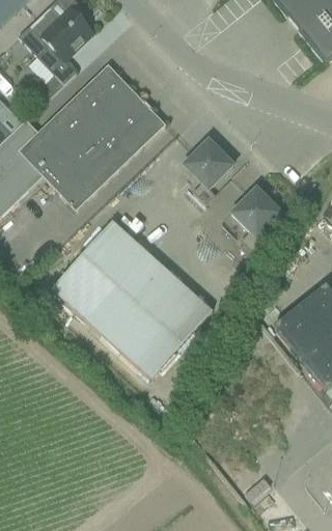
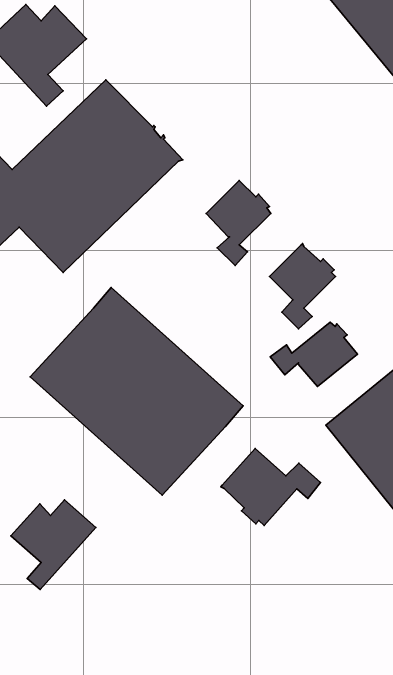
building: none -> [270,322,357,386]
building: none -> [221,448,320,526]
building: none -> [11,500,96,590]

